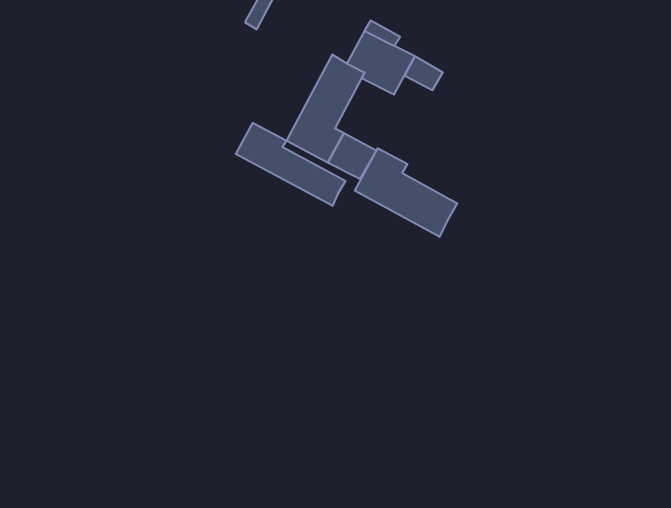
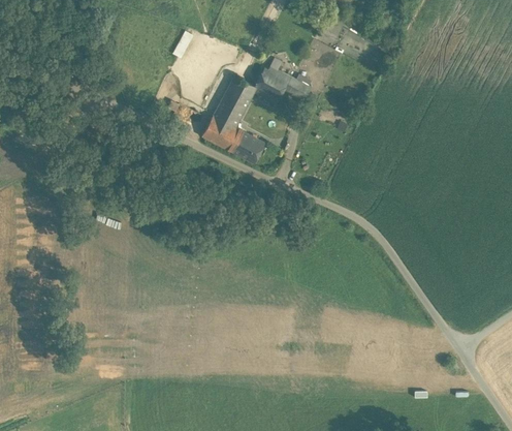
building: [236,123,345,206] -> none
building: [355,148,457,237] -> none

